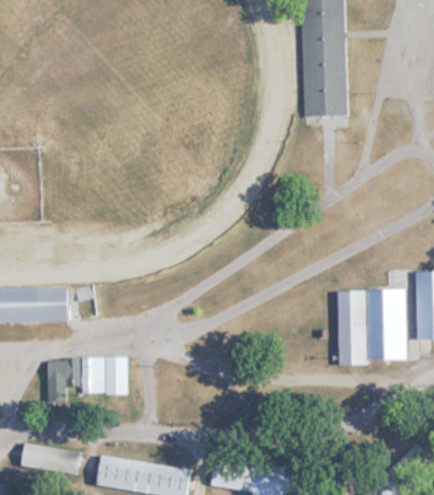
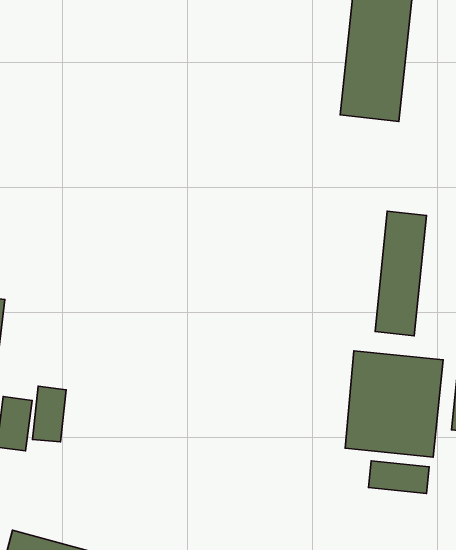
building: none -> [375,211,426,336]
building: none -> [369,461,429,493]

